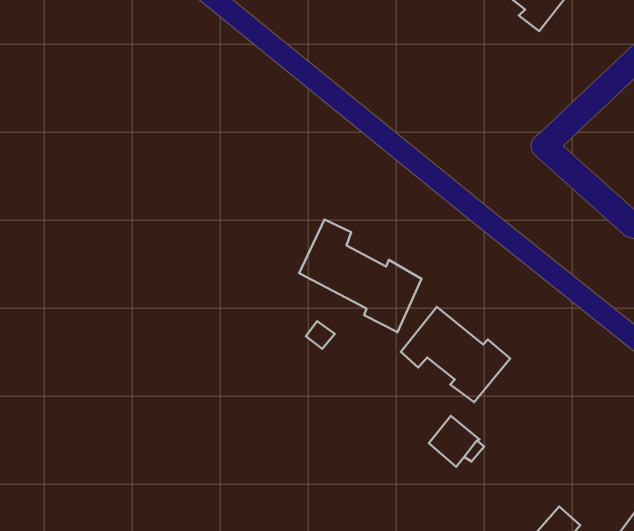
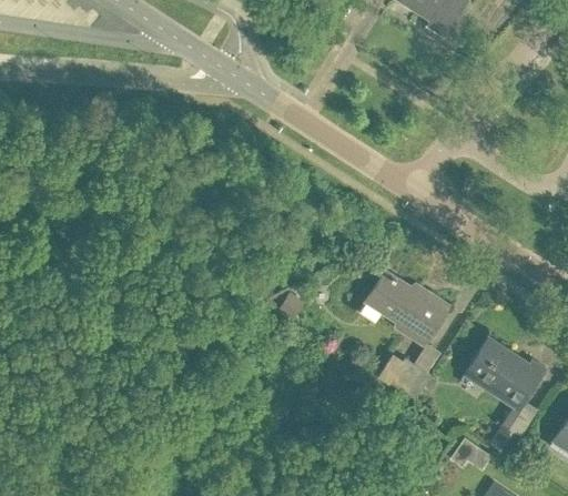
building: [299,219,422,332] -> none
building: none -> [465,337,547,407]

